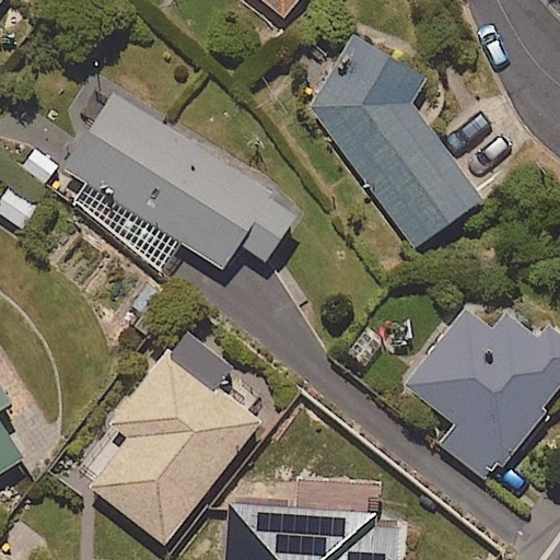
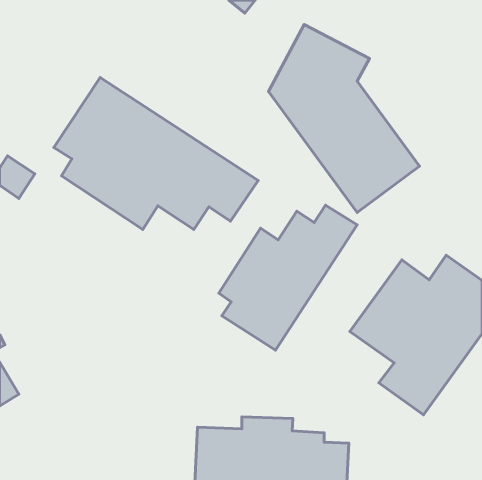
building: none -> [219,205,357,350]
building: [92,330,259,542] -> none

